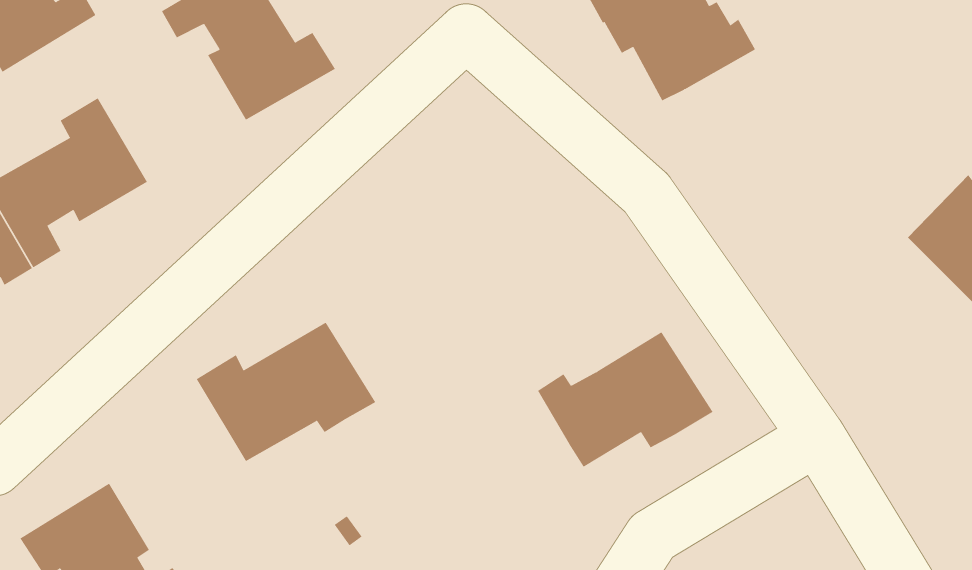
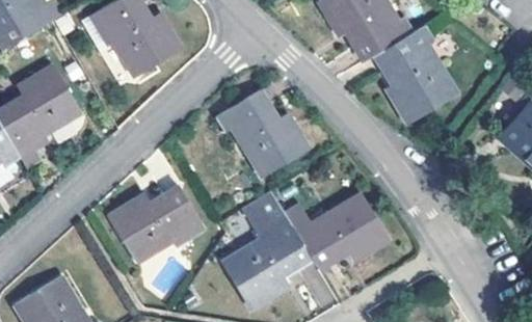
building: none -> [373,31,453,129]
building: none -> [215,90,309,177]
building: none -> [225,189,311,304]

